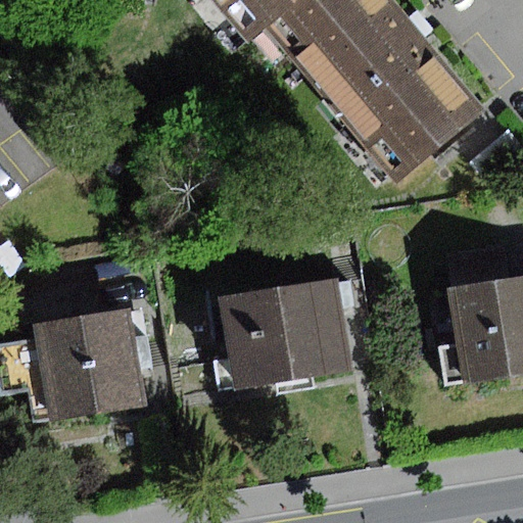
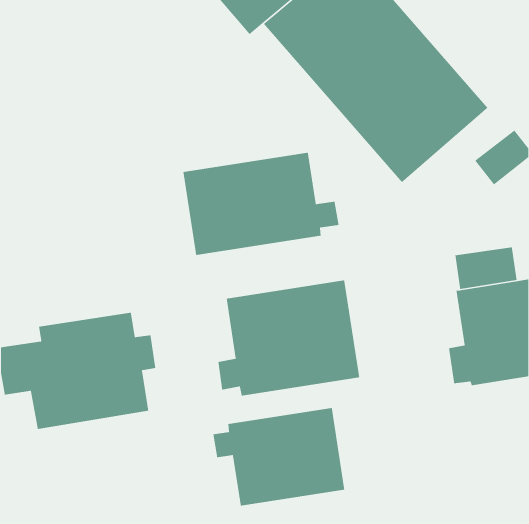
building: none -> [183,152,340,256]
building: none -> [212,407,345,506]

